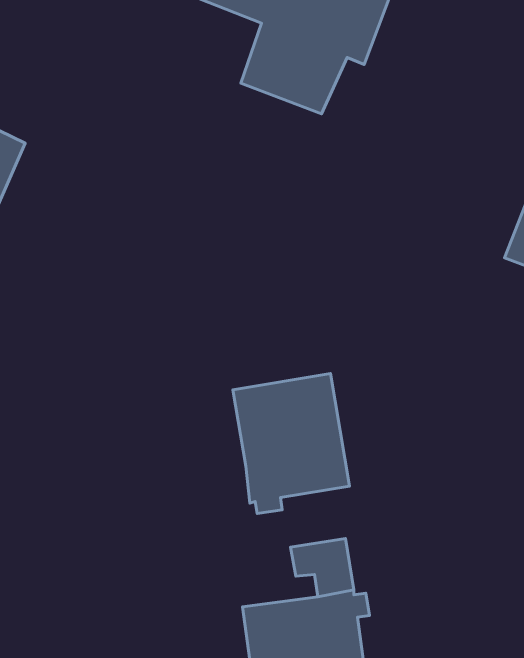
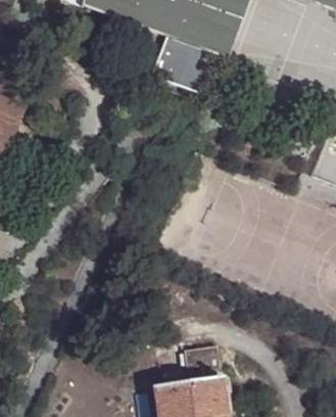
building: [233,373,349,514] -> none

